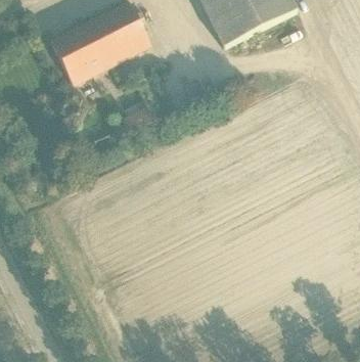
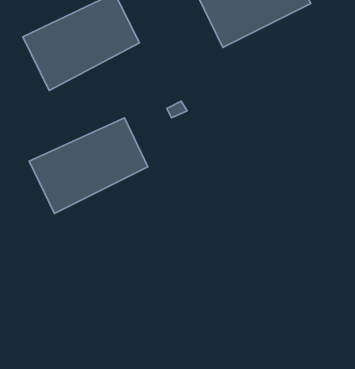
building: none -> [29,118,148,213]

